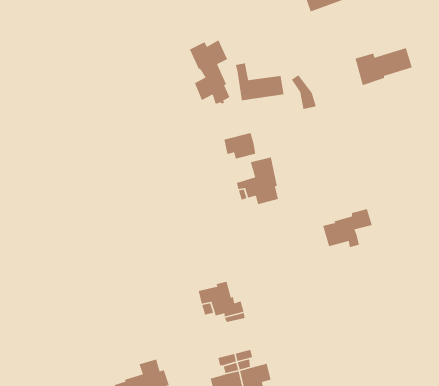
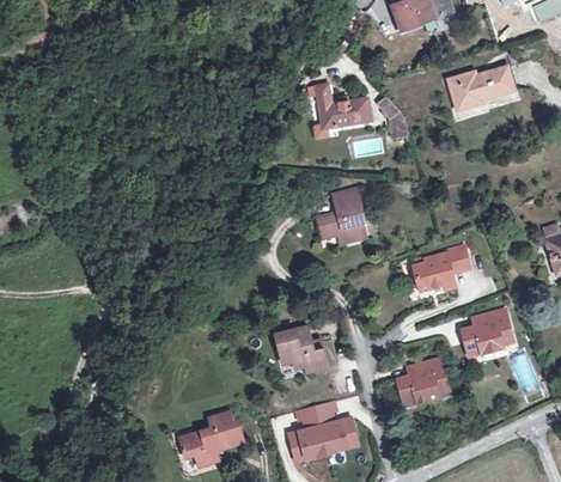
building: [189,39,231,105] -> none
building: [223,132,256,160] -> none
building: none -> [462,310,512,354]
building: none -> [397,358,447,402]

